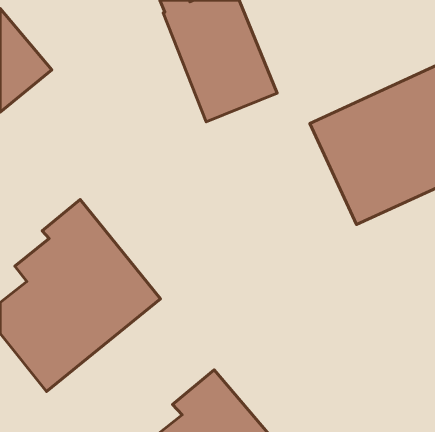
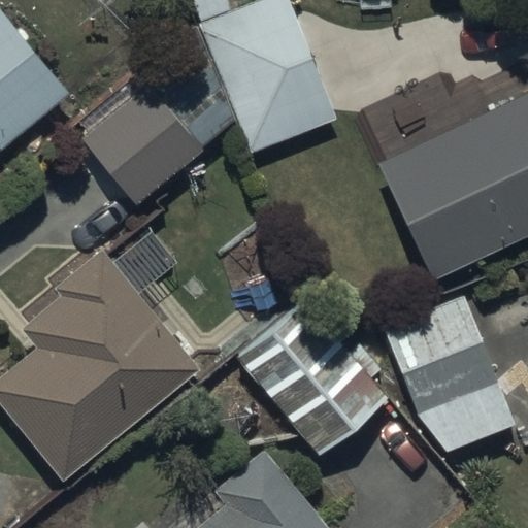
building: none -> [84,60,214,192]
building: none -> [385,299,517,452]
building: none -> [235,300,387,456]

